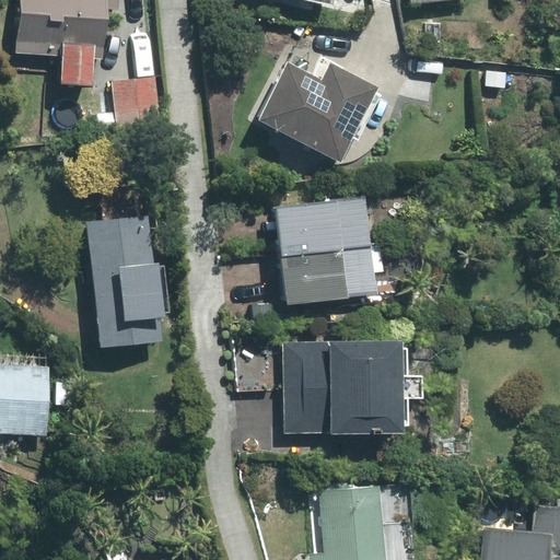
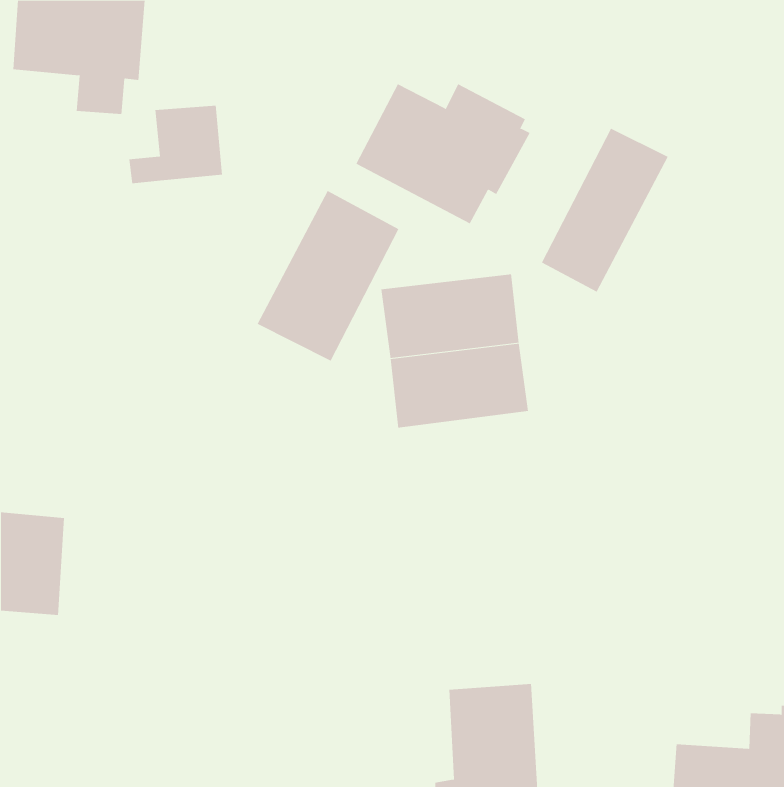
building: none -> [541,128,668,293]
building: none -> [257,190,399,362]
building: [85,214,162,346] -> none
building: [283,340,400,433] -> none

